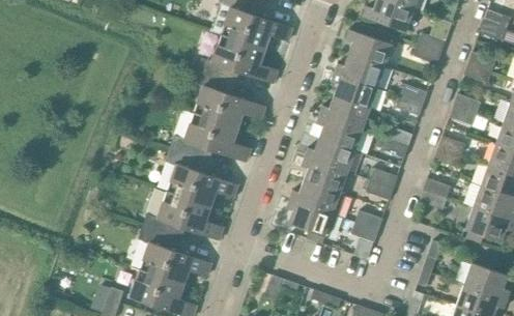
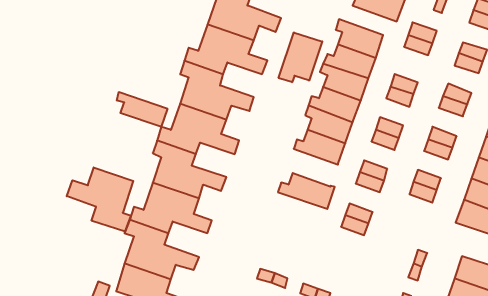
building: none -> [279,32,322,82]
building: none -> [117,92,167,127]
building: [301,156,348,194] -> none
building: none -> [67,167,133,232]
building: [286,199,338,243] -> none

